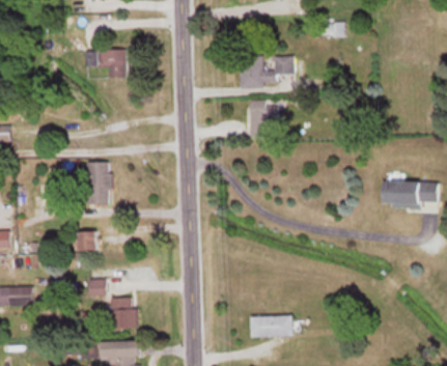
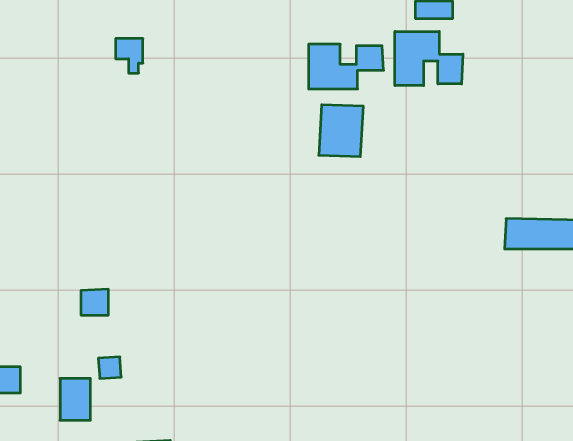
building: none -> [395,31,463,86]
building: [86,162,110,204] -> none
building: [110,299,132,329] -> [60,378,90,420]
building: [250,316,292,336] -> none

